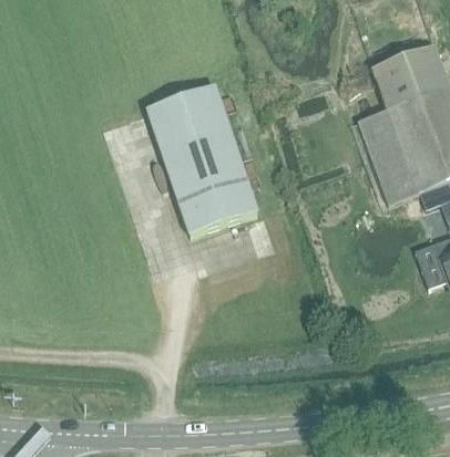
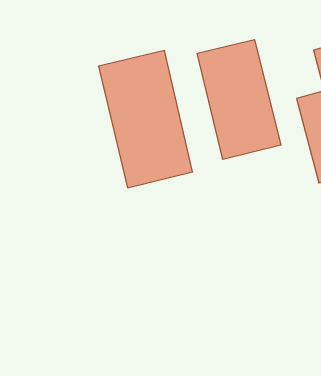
building: none -> [197,40,281,159]

